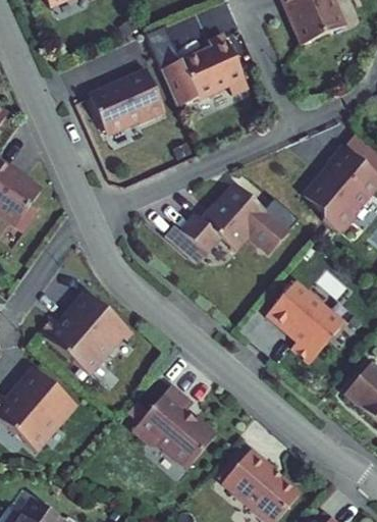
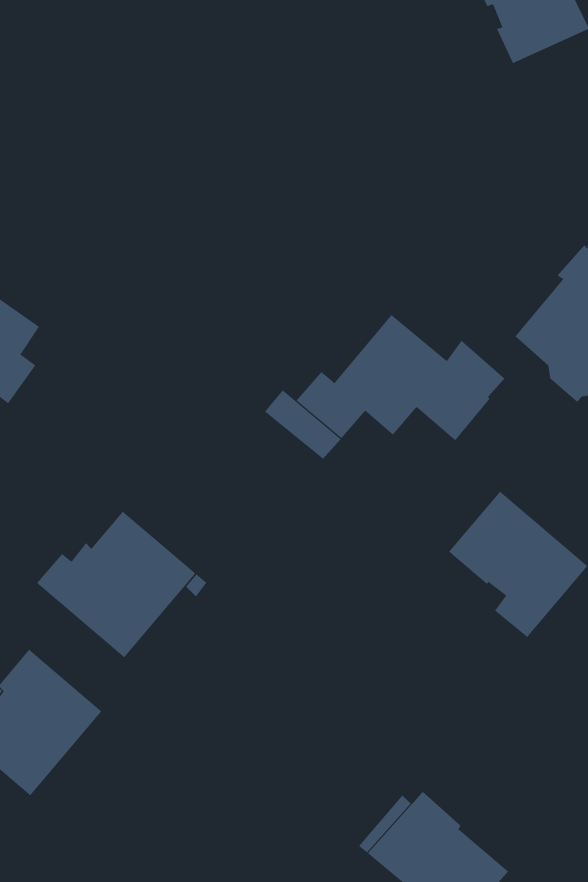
building: [145,24,249,107] -> none
building: [90,68,165,133] -> none
building: [133,384,217,467] -> none

